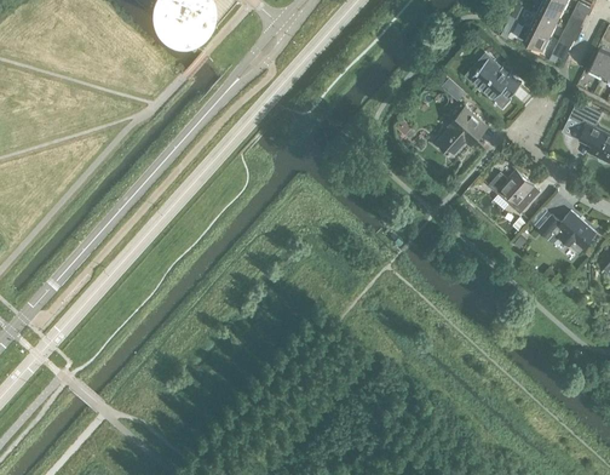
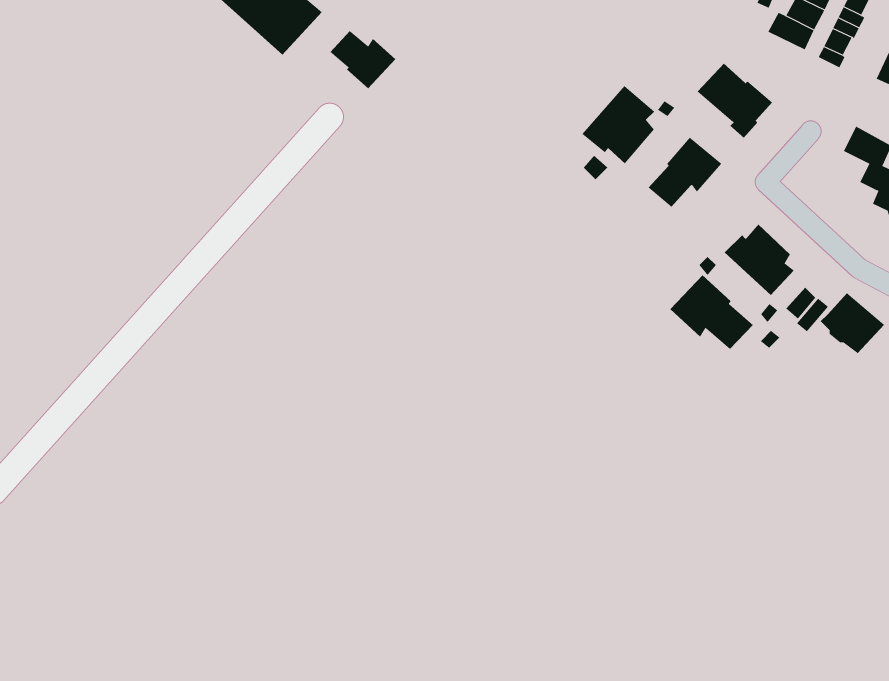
building: none -> [329,30,396,89]
building: none -> [582,85,655,164]
building: none -> [669,275,754,350]

